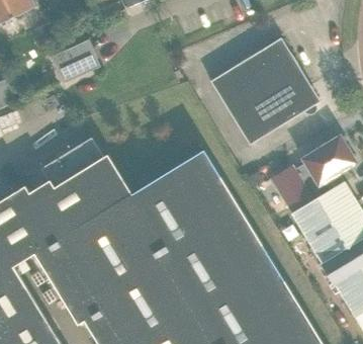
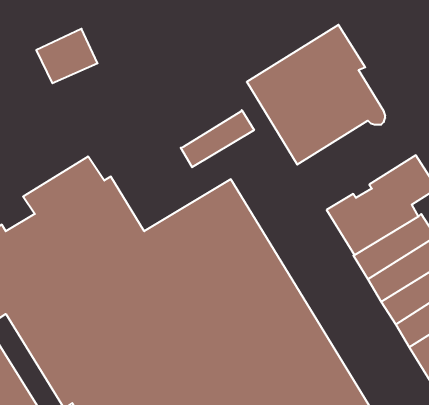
building: none -> [181,110,254,167]

